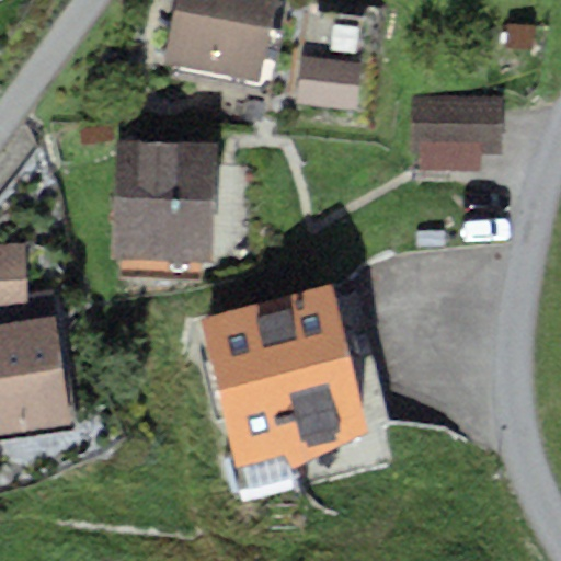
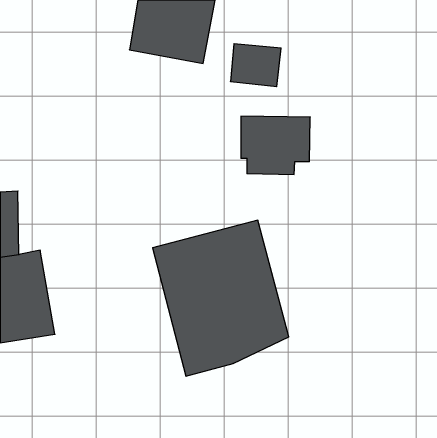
building: [413,96,502,171] -> [241,116,310,174]
building: [110,141,216,261] -> none

